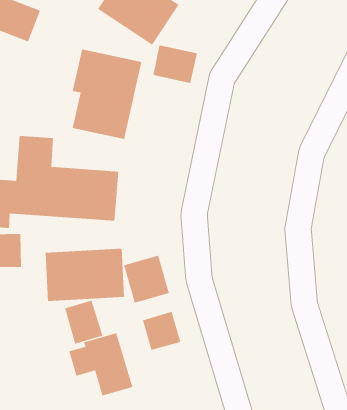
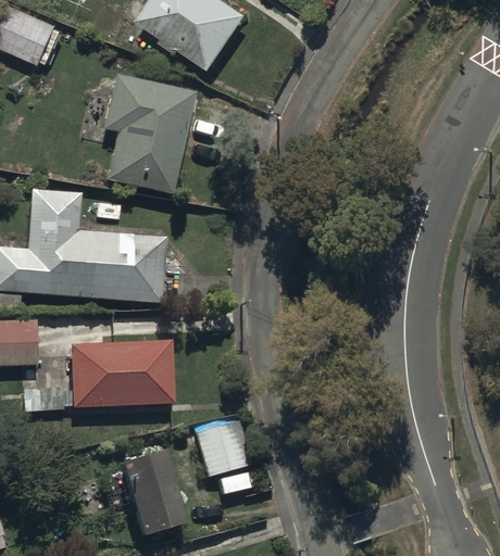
building: [153,44,197,84] -> none
building: [123,255,170,303] -> none
building: [64,300,103,344] -> none

